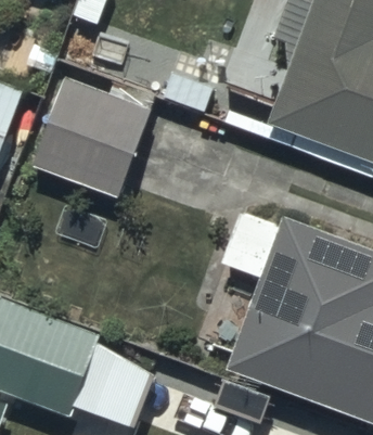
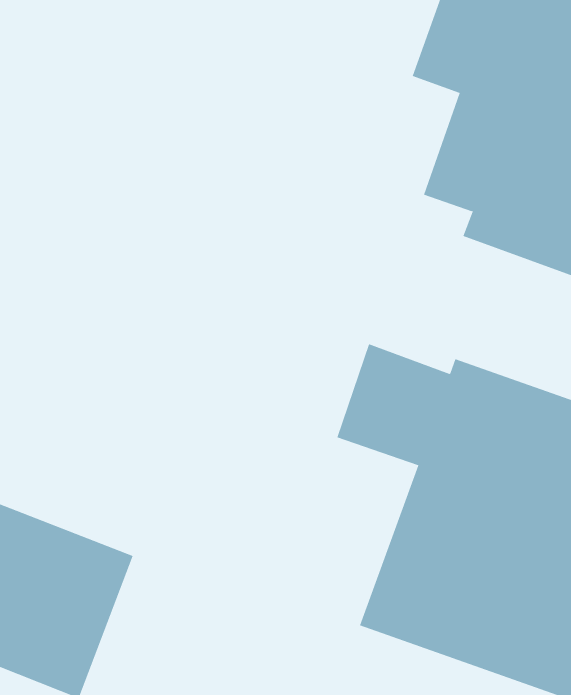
building: [28,77,149,197] -> none

